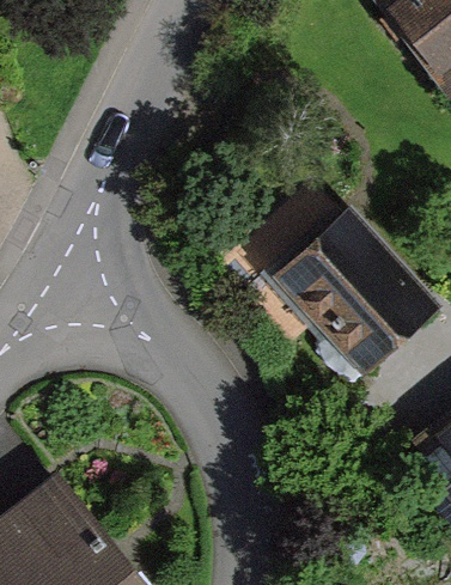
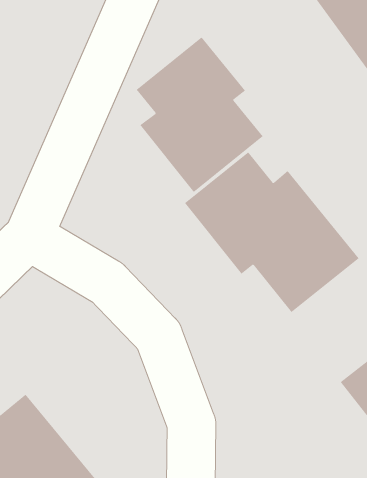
building: none -> [136,37,263,193]

